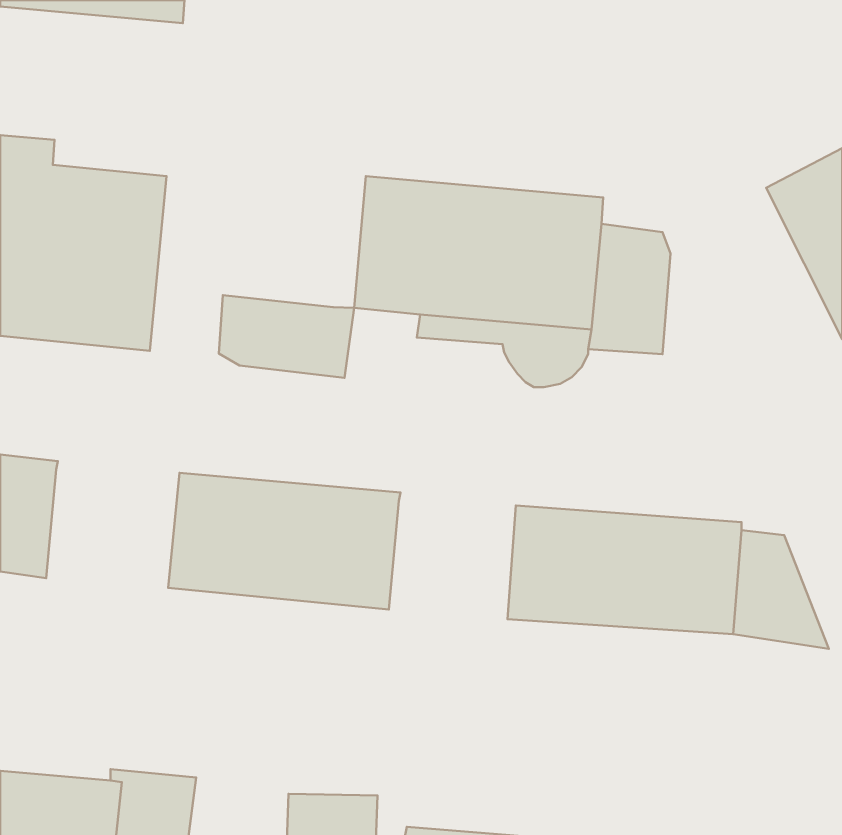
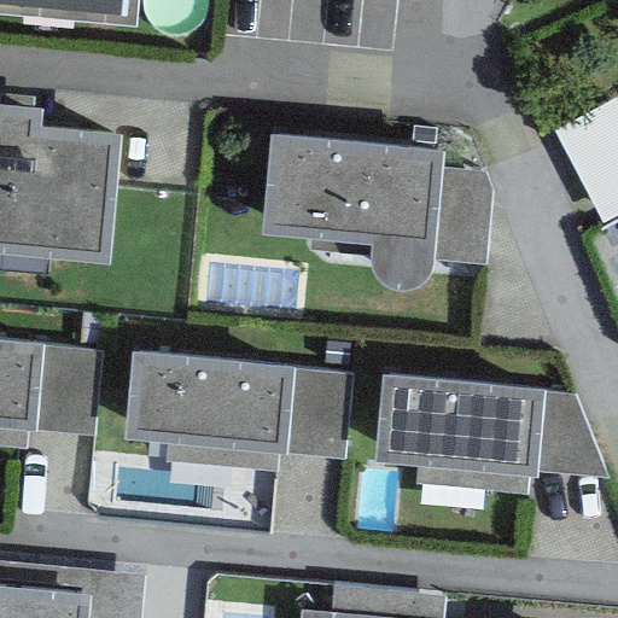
building: [219,295,354,378] -> none
building: none -> [33,349,104,439]
building: none -> [284,372,352,462]

